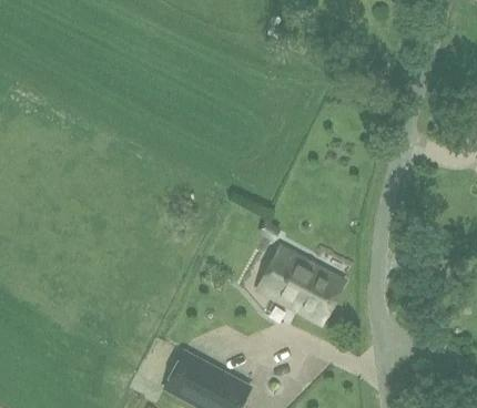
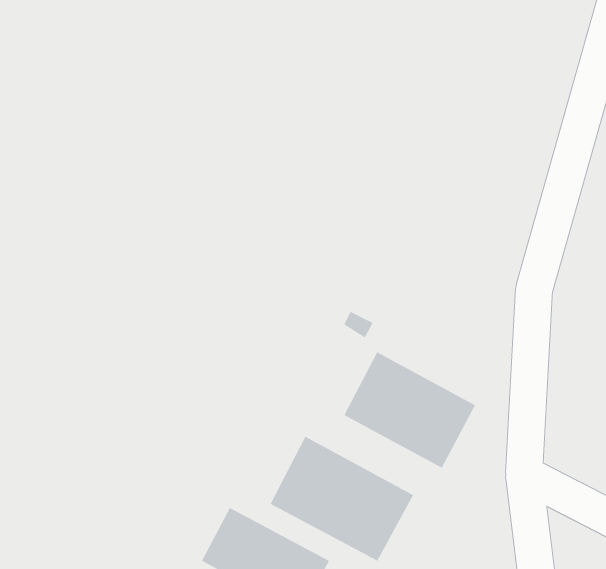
building: none -> [270,436,414,562]

